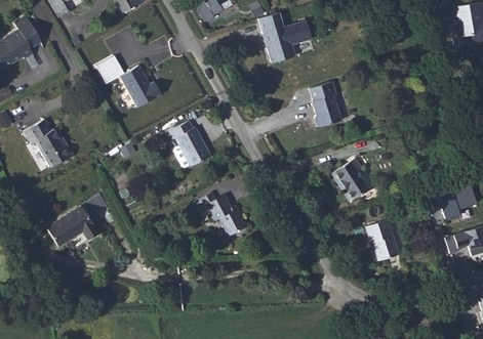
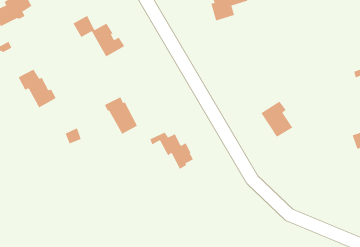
building: [310,84,341,121] -> none
building: [168,124,209,170] -> [104,97,138,134]
building: [48,206,99,246] -> none
building: [361,223,395,263] -> none

